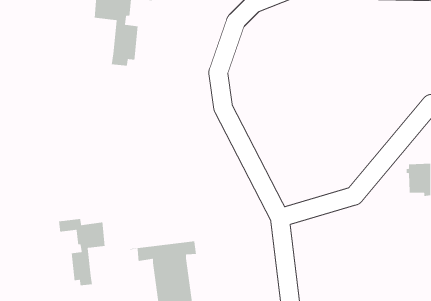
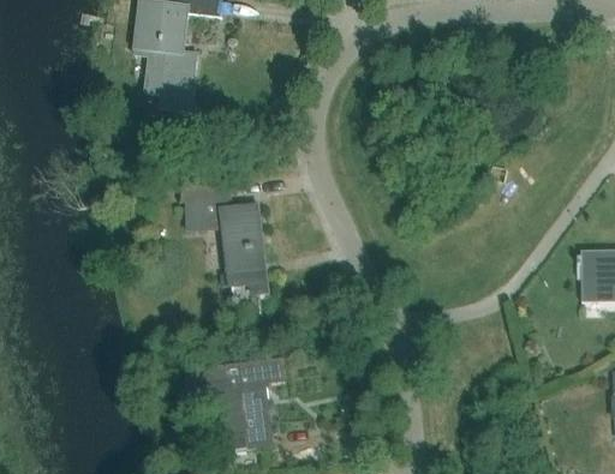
building: none -> [178,182,267,295]
building: [58,218,105,286] -> none

